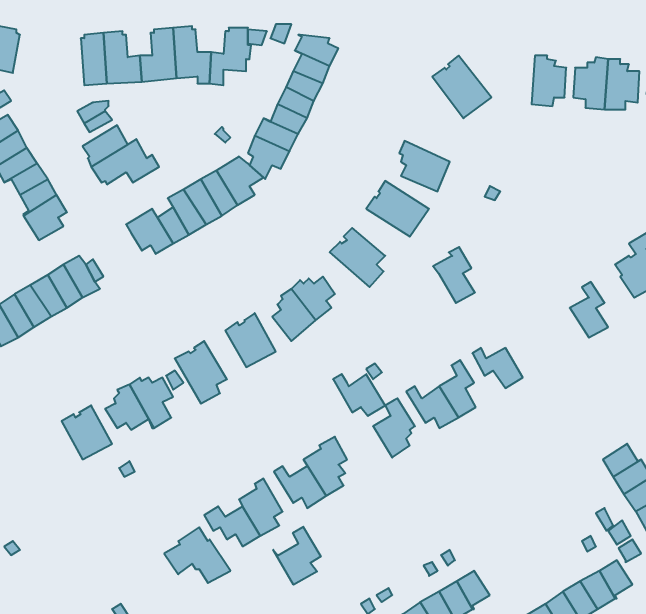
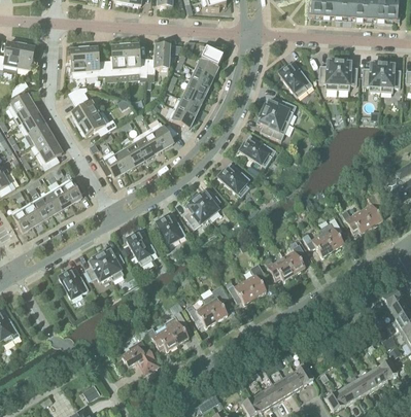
building: none -> [319,59,340,89]
building: none -> [263,96,298,123]
building: [433,247,475,303] -> [319,217,344,250]
building: none -> [342,209,372,234]
building: [333,374,385,416] -> [225,279,255,304]
building: [273,527,321,585] -> none

